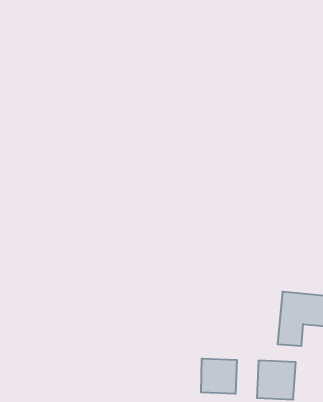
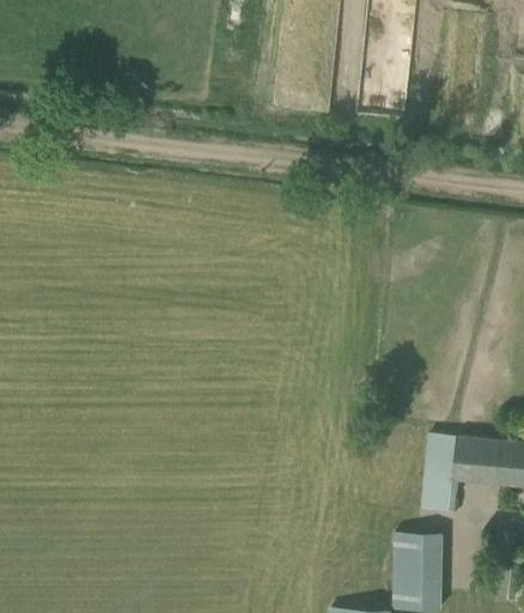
building: [201,358,237,394] -> none

